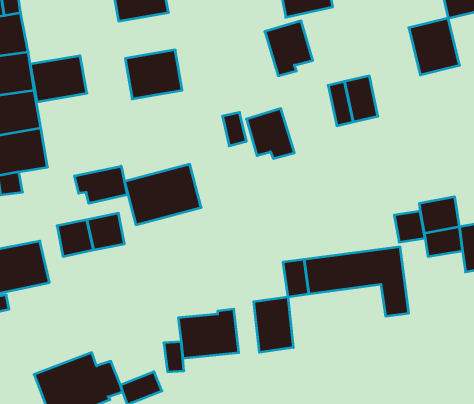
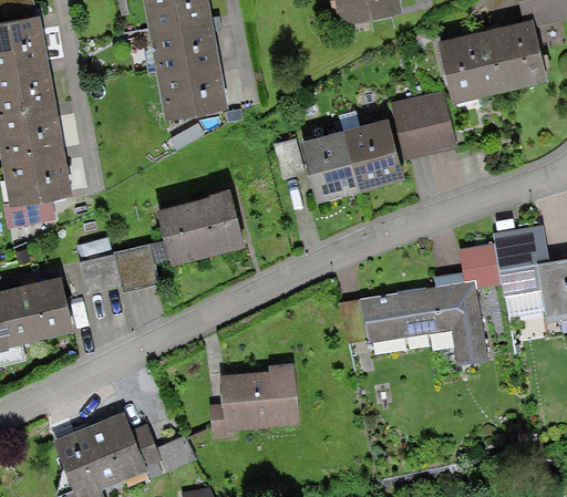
building: [265,21,313,76] -> [339,117,394,180]
building: none -> [439,37,499,102]
building: [30,56,87,102] -> [152,19,217,72]
building: [74,166,127,203] -> none
building: [254,297,293,352] -> none

